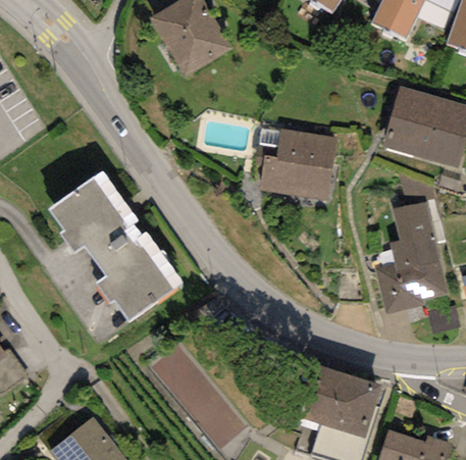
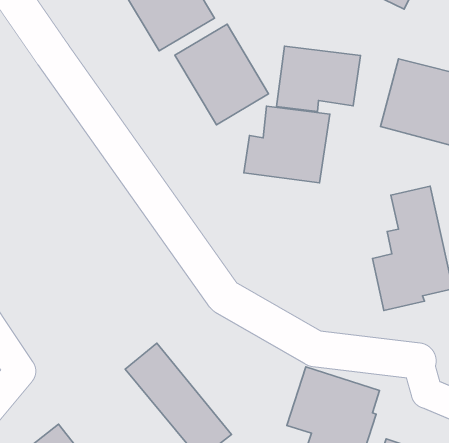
building: none -> [175,24,269,125]
building: none -> [276,46,361,112]
building: [48,170,182,321] -> none

